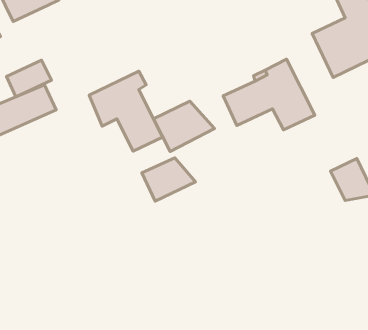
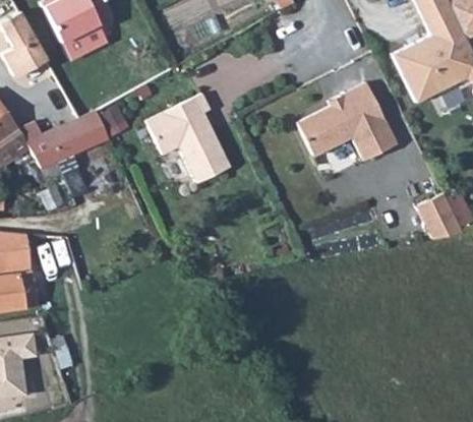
building: [7,60,51,97] -> [62,21,112,62]
building: [153,101,214,152] -> none
building: [142,158,196,201] -> none

